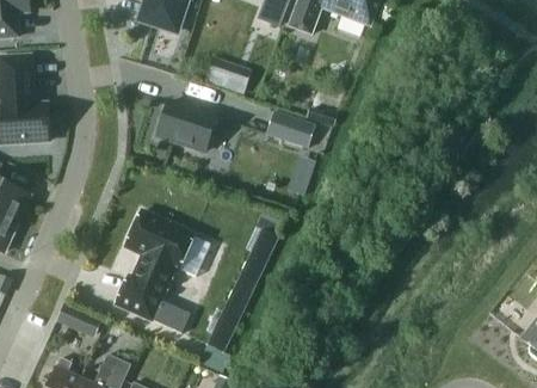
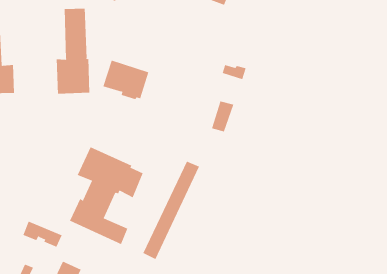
building: none -> [56,8,90,95]
building: [203,55,249,93] -> none
building: [265,111,313,147] -> none

